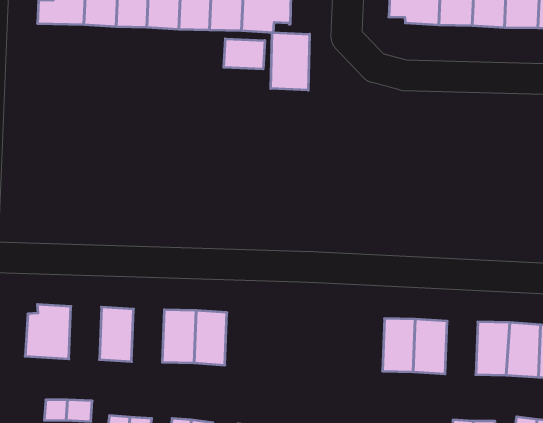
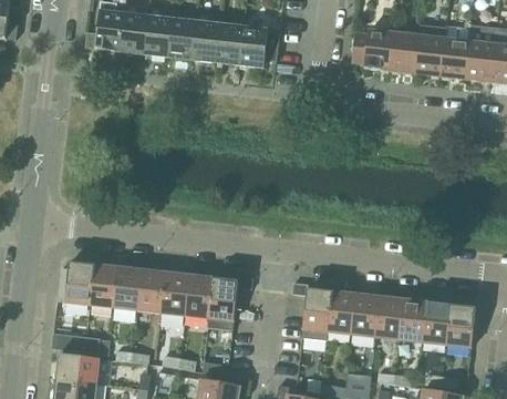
building: [271,32,310,90] -> none
building: [224,39,265,69] -> none
building: none -> [90,265,117,316]
building: none -> [207,276,252,329]
building: none -> [137,270,165,313]
building: none -> [292,283,332,340]
building: none -> [375,297,403,339]

